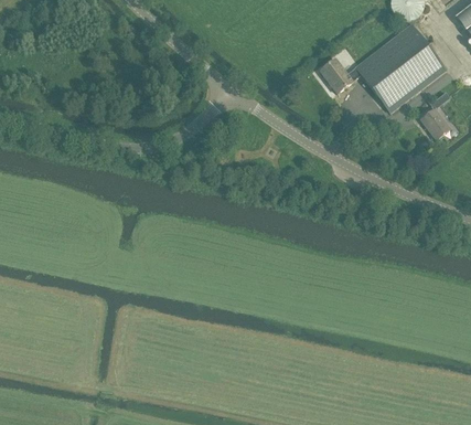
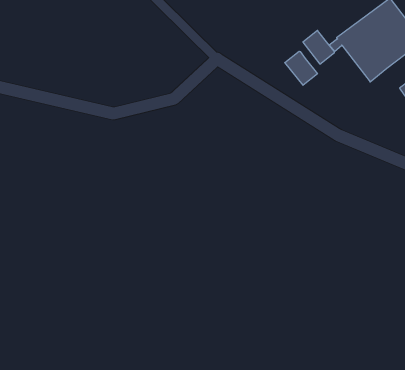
building: none -> [285,51,317,85]

